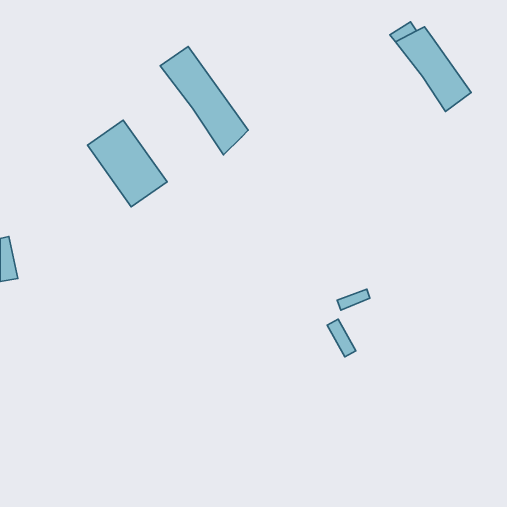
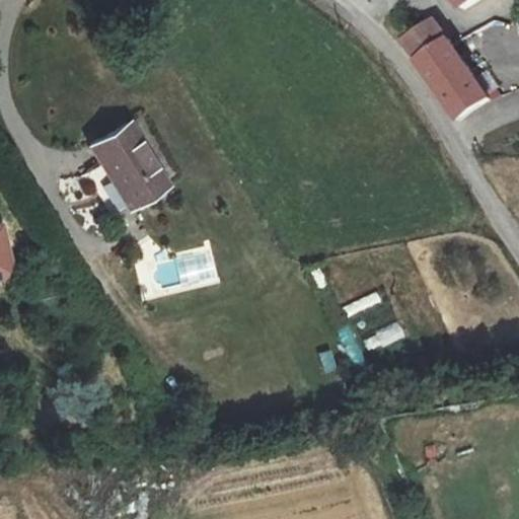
building: [160,46,248,155] -> none

